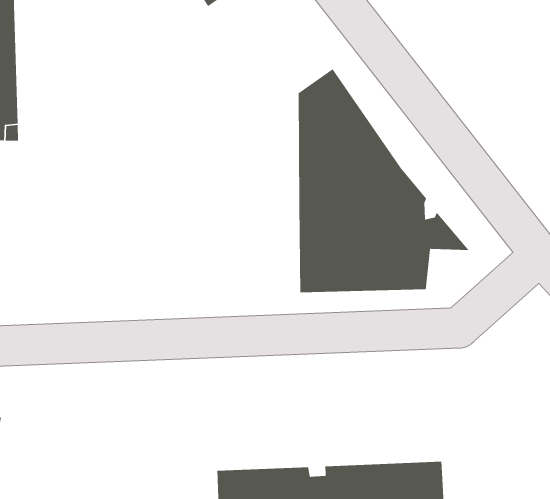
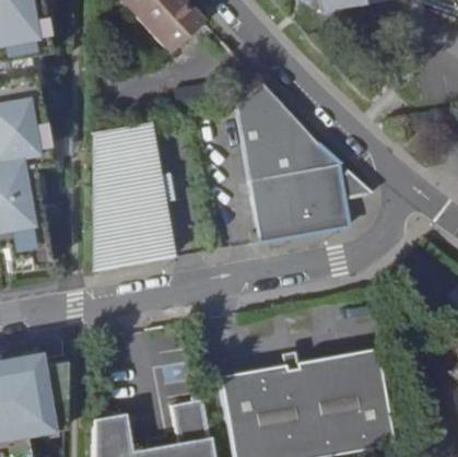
building: none -> [92,125,174,273]

